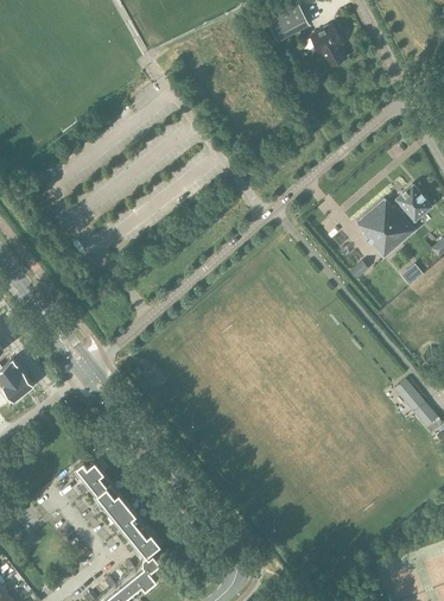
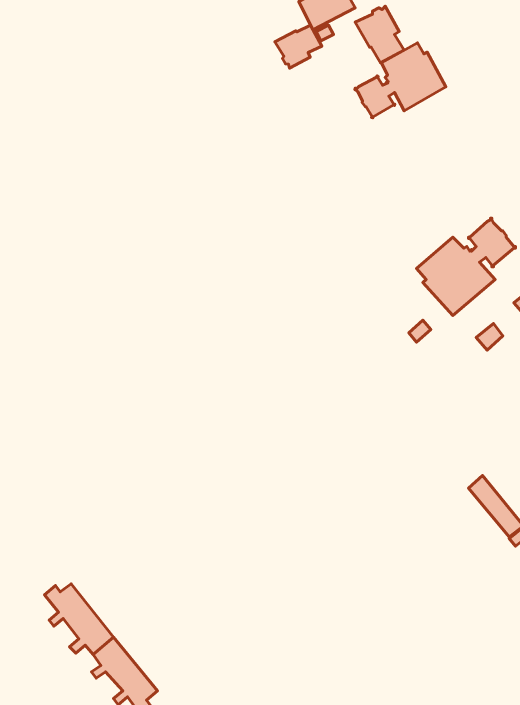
building: none -> [275,25,322,68]
building: none -> [355,43,446,118]

